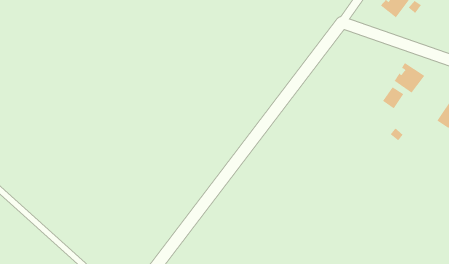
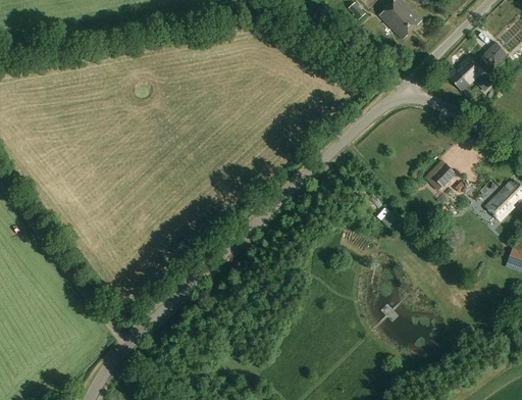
building: [394,62,425,93] -> none

